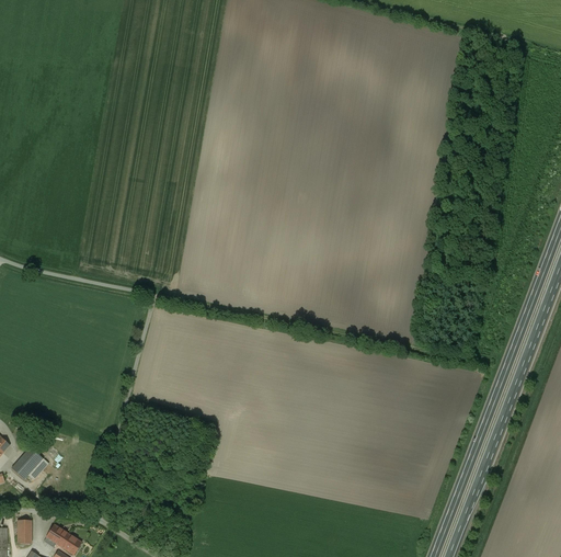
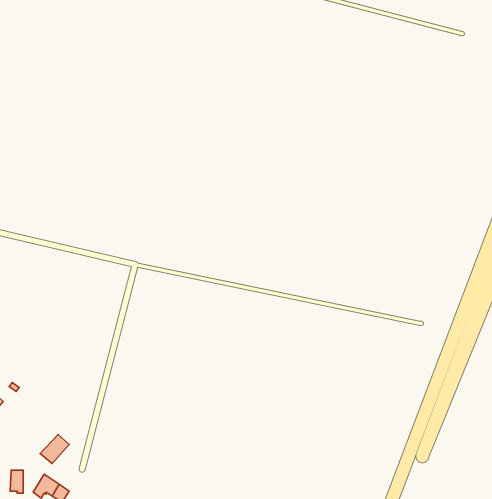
building: [11,447,43,479] -> [40,434,69,463]

